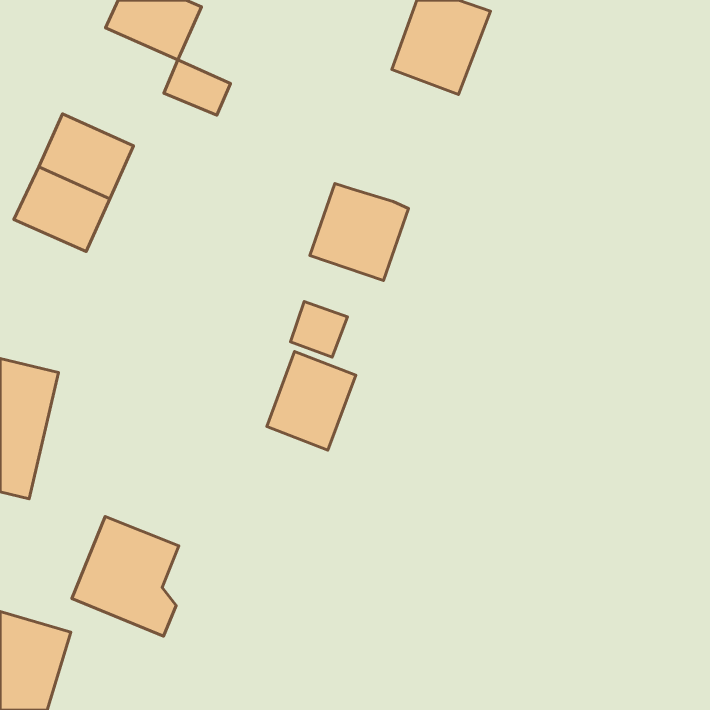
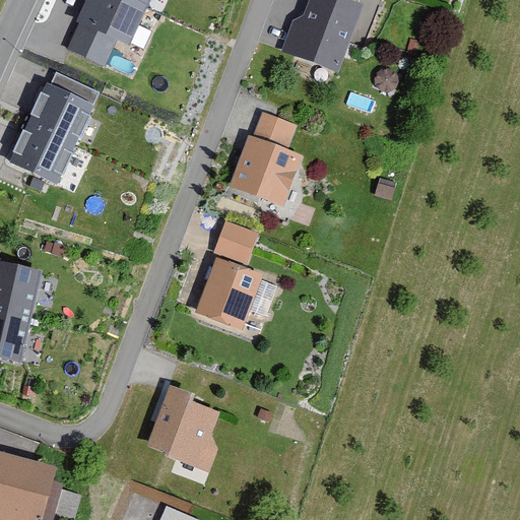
building: [164,60,231,115] -> [68,23,117,64]
building: none -> [257,113,296,147]
building: [72,517,179,636] -> [141,384,219,471]

